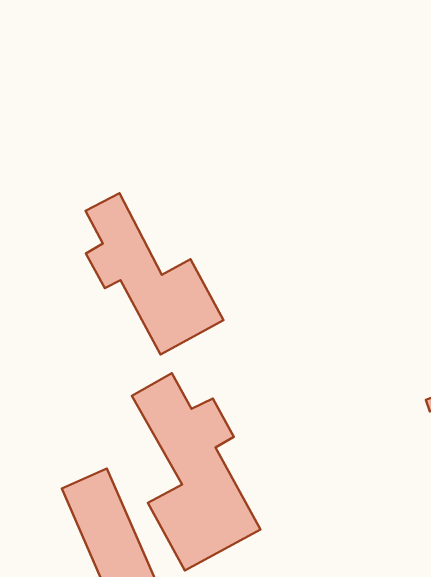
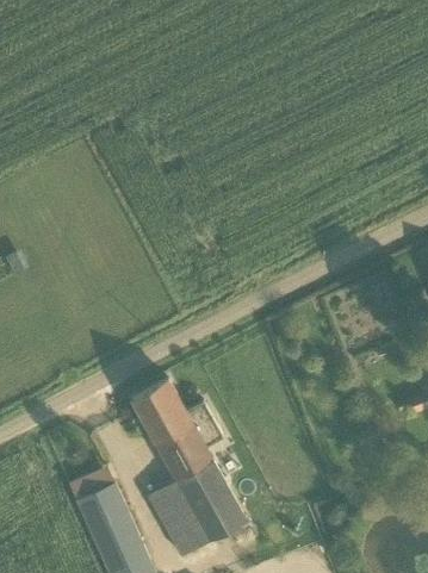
building: [86,193,224,354] -> none

